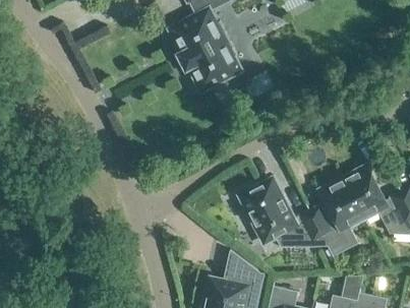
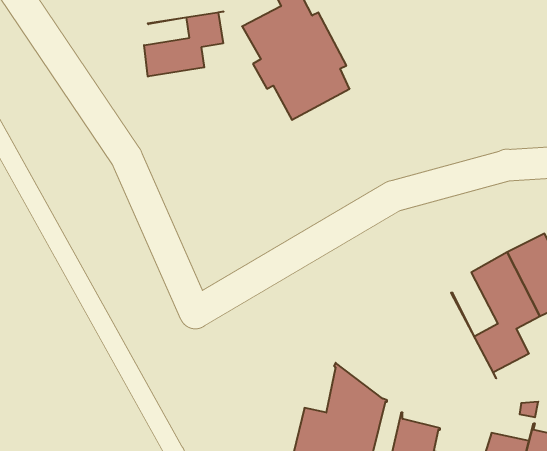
building: none -> [144,12,224,77]
building: [240,179,336,259] -> none

